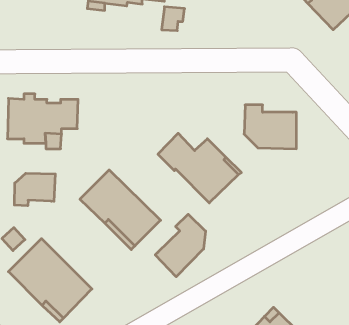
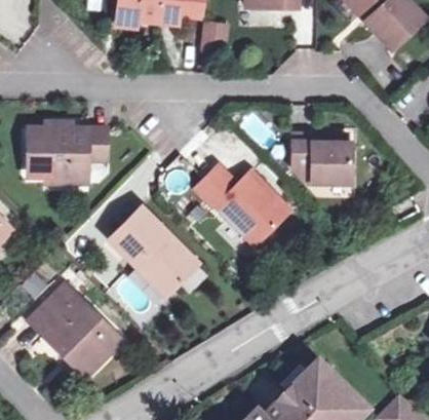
building: [14,173,55,206] -> none
building: [155,214,206,277] -> none

